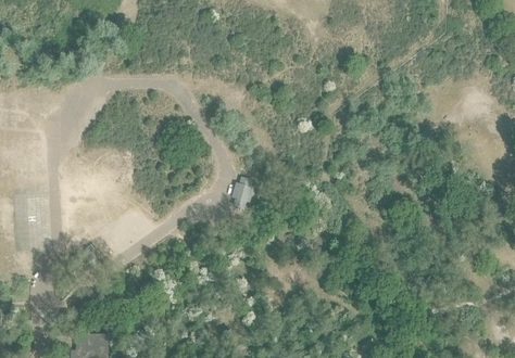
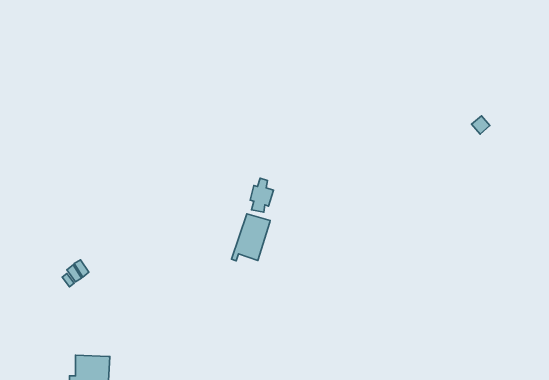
building: none -> [232,214,270,261]

